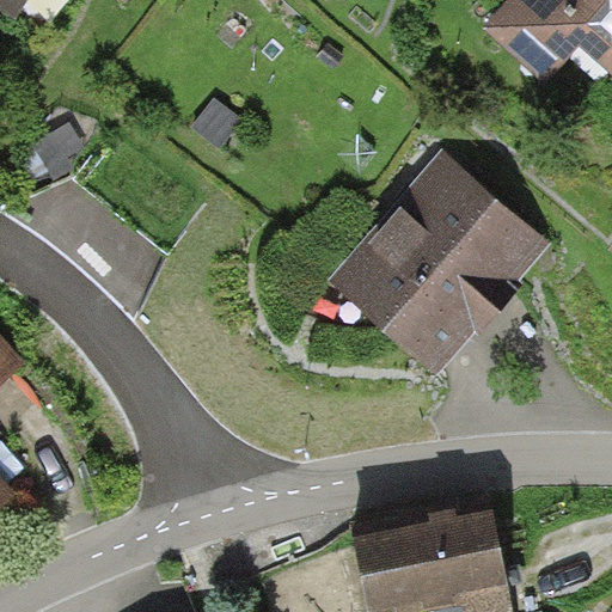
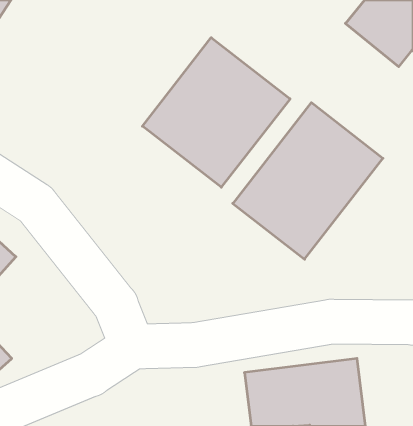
building: none -> [142,38,290,187]

